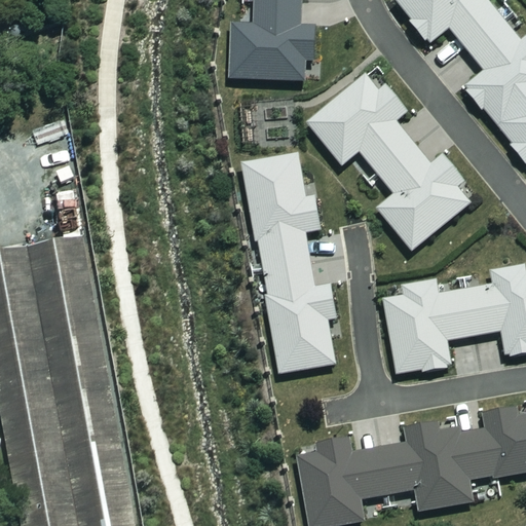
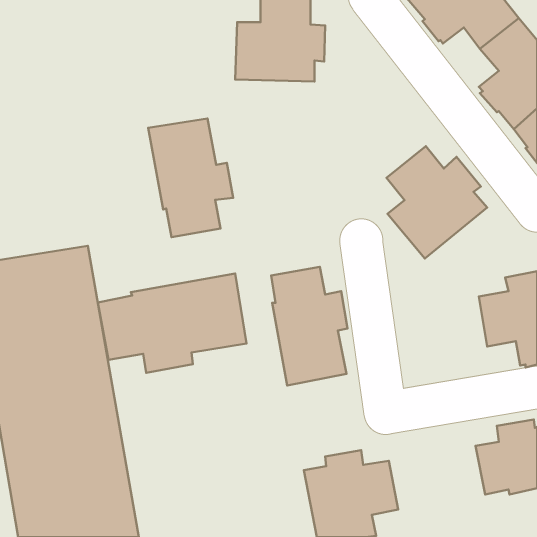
building: [306,73,413,173] -> none
building: [240,152,323,267] -> [148,118,233,237]
building: none -> [98,273,246,373]
building: [383,279,473,373] -> none
building: [377,420,474,512] -> none

